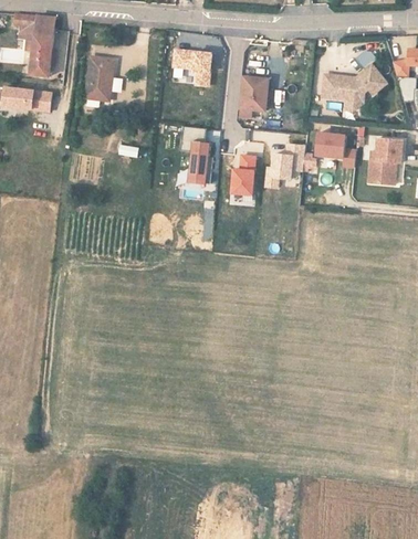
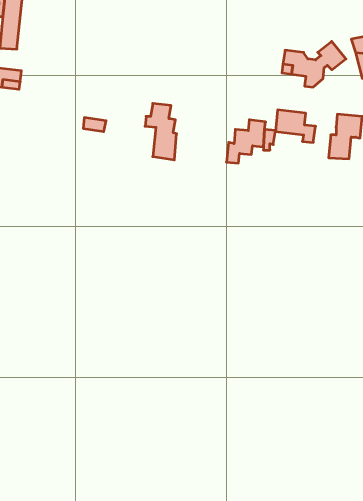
building: [173,51,211,86] -> none
building: [85,55,111,97] -> none
building: [242,82,271,119] -> none
building: [233,154,257,192] -> none

